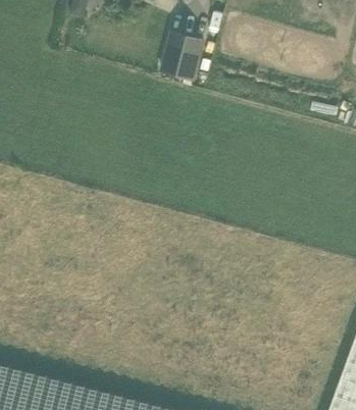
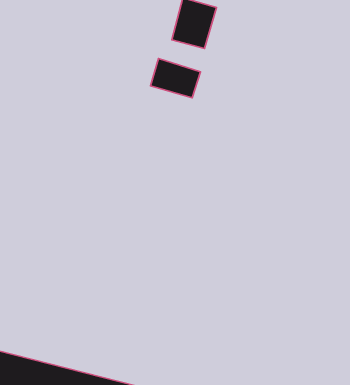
building: none -> [151,59,200,98]

